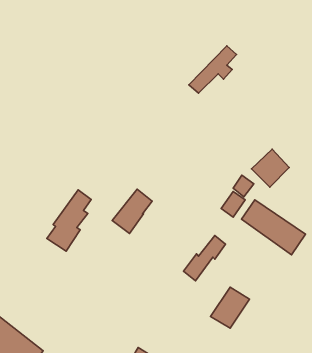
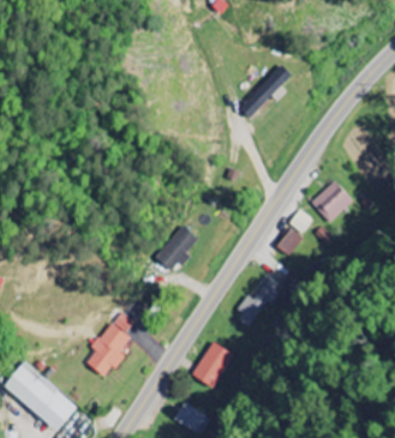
building: [47,190,91,251] -> [85,310,134,378]
building: [241,200,306,255] -> none
building: [211,287,249,328] -> [190,342,233,388]

